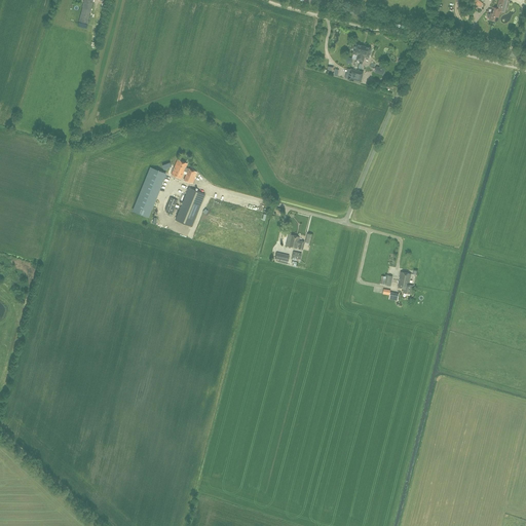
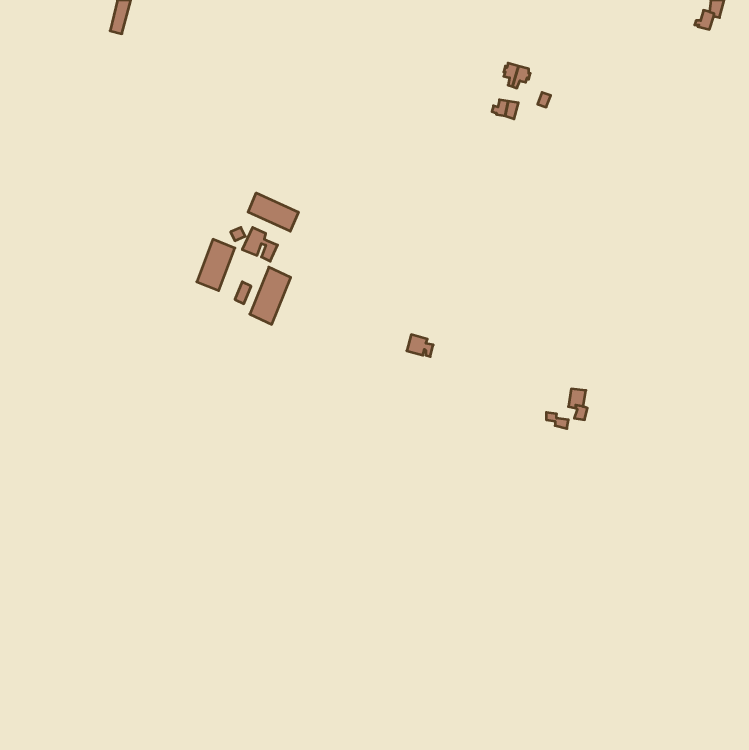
building: none -> [248,193,298,231]

